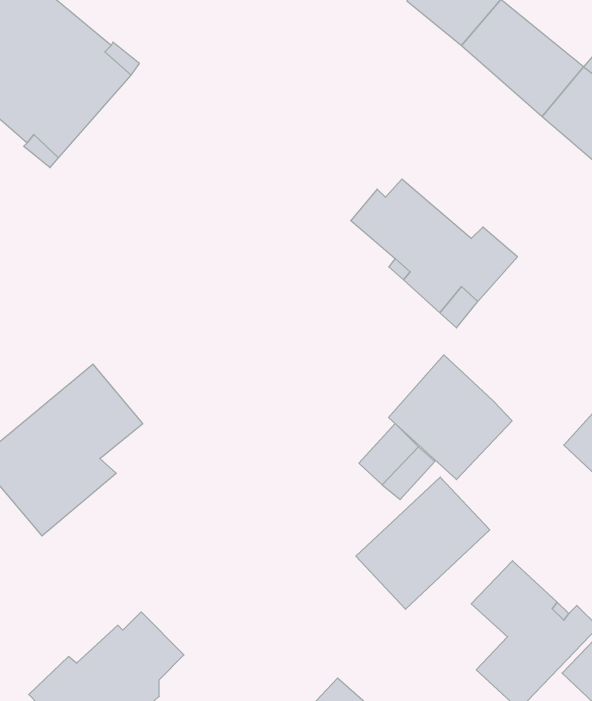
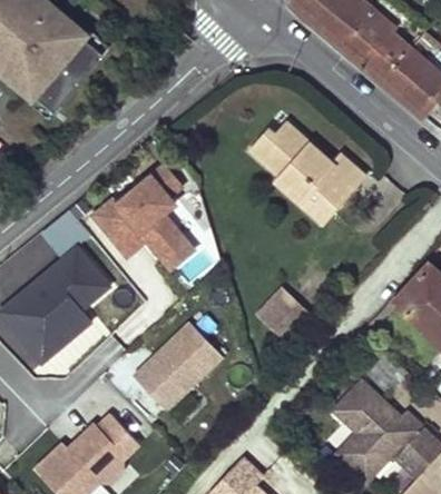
building: none -> [94,166,193,268]
building: [389,355,512,480] -> none
building: [356,477,490,609] -> [133,323,223,412]

